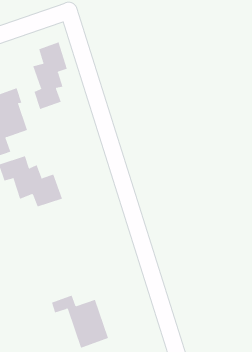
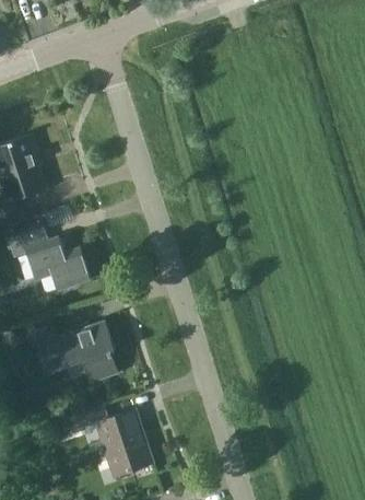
building: [33,41,68,110] -> none
building: none -> [23,317,115,381]

